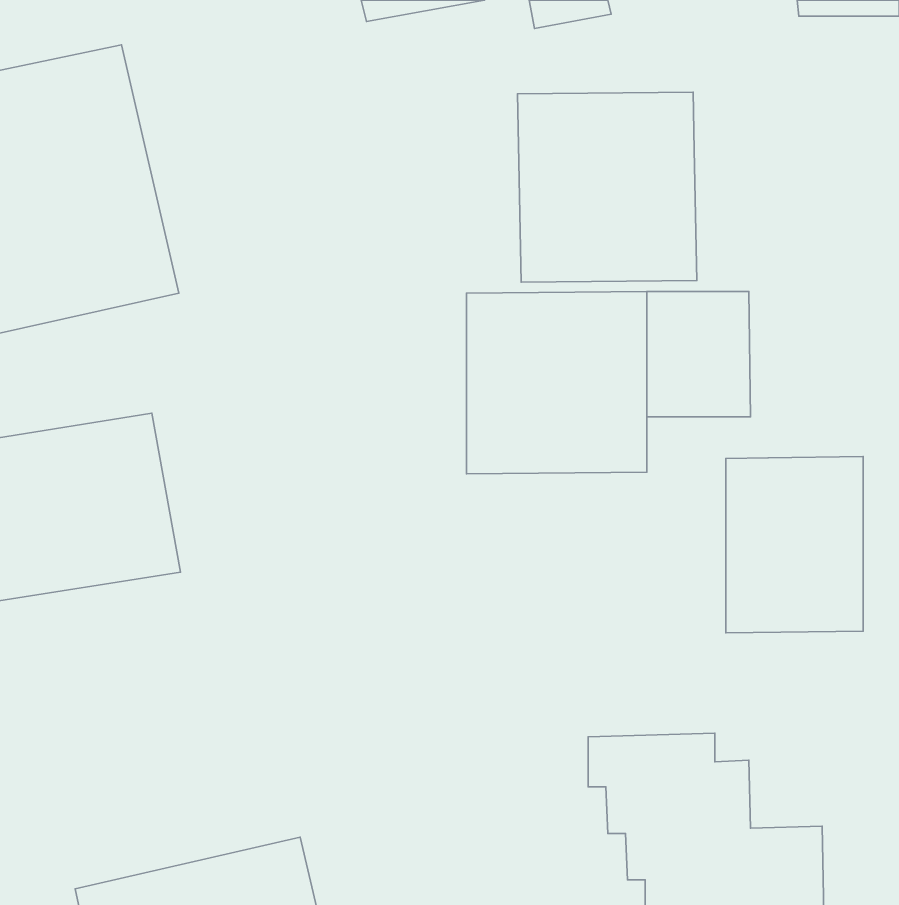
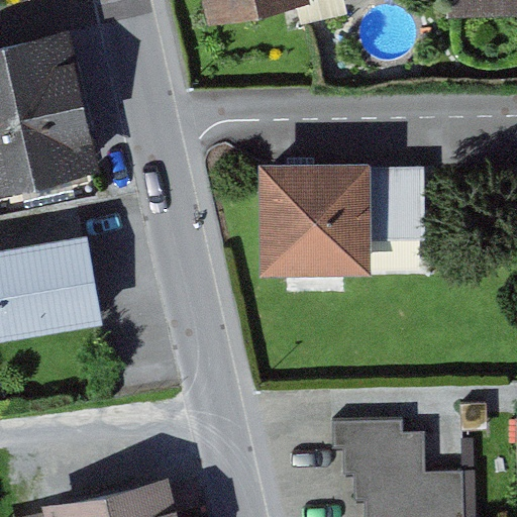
building: [518,92,697,282] -> none
building: [726,457,863,633] -> none

